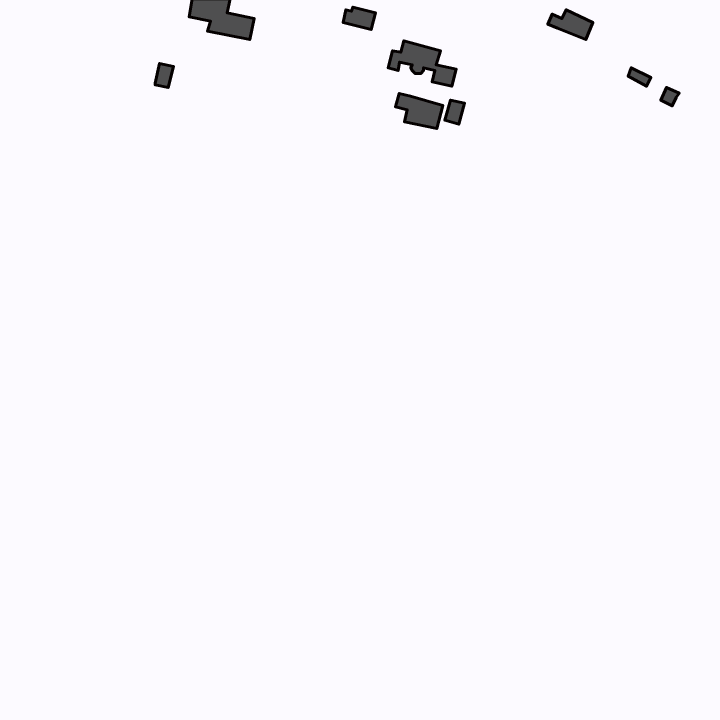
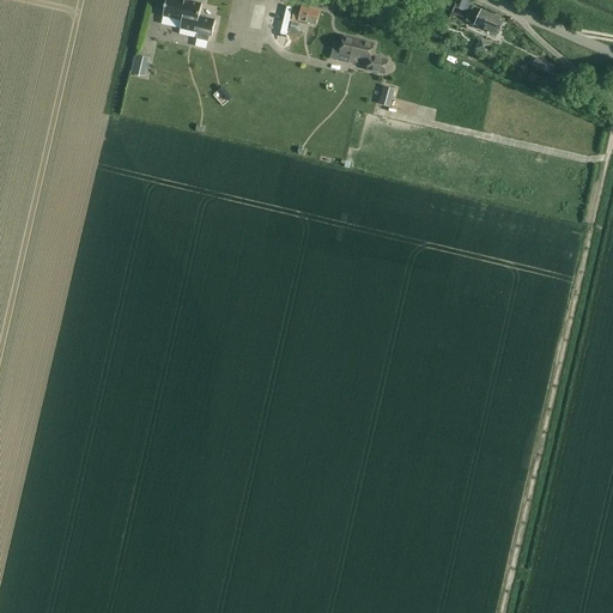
building: [396,93,443,129] -> none

